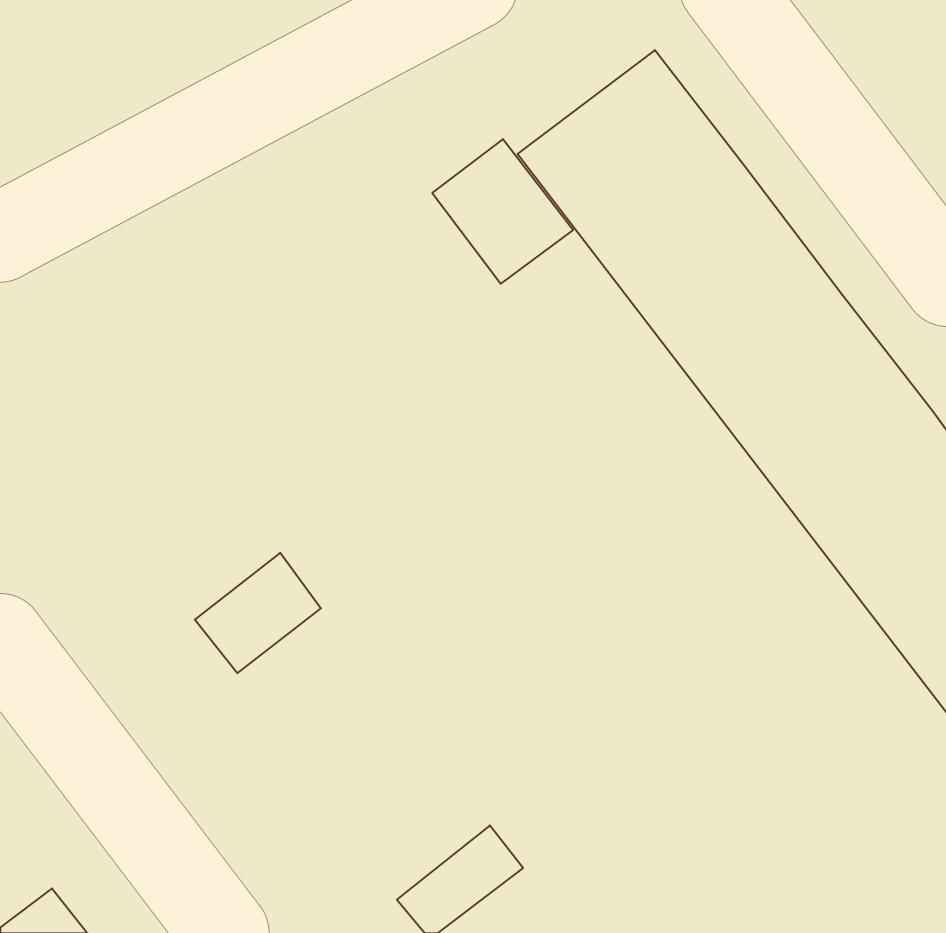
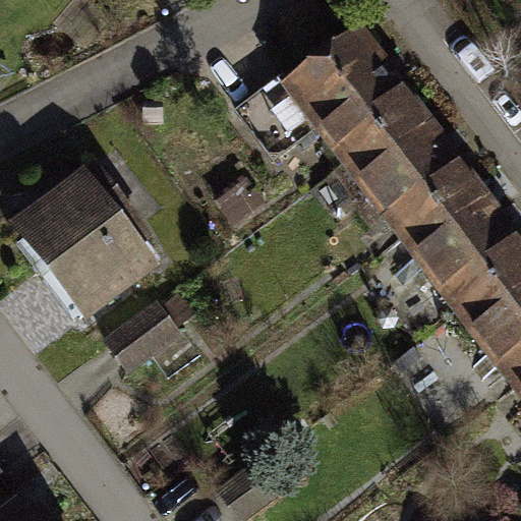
building: none -> [14,166,158,316]

